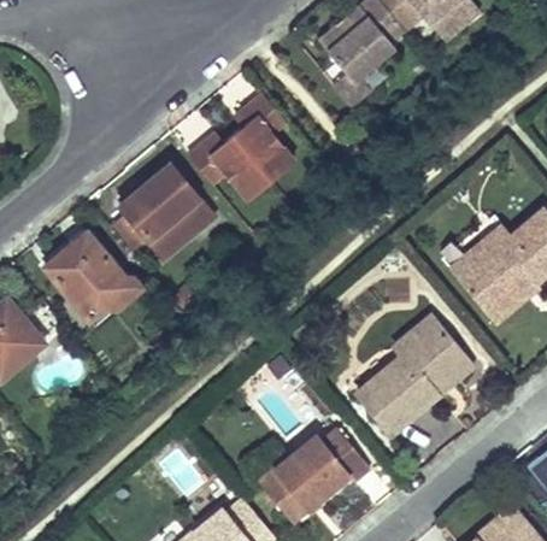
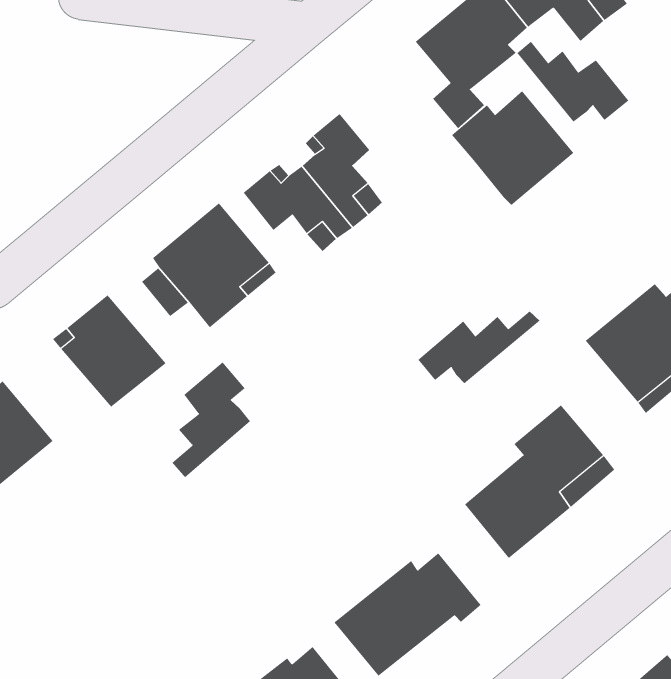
building: none -> [517,41,629,123]
building: none -> [451,90,574,206]
building: none -> [418,310,541,384]
building: none -> [172,361,251,478]

